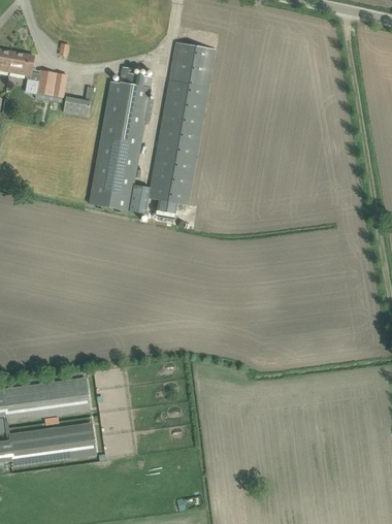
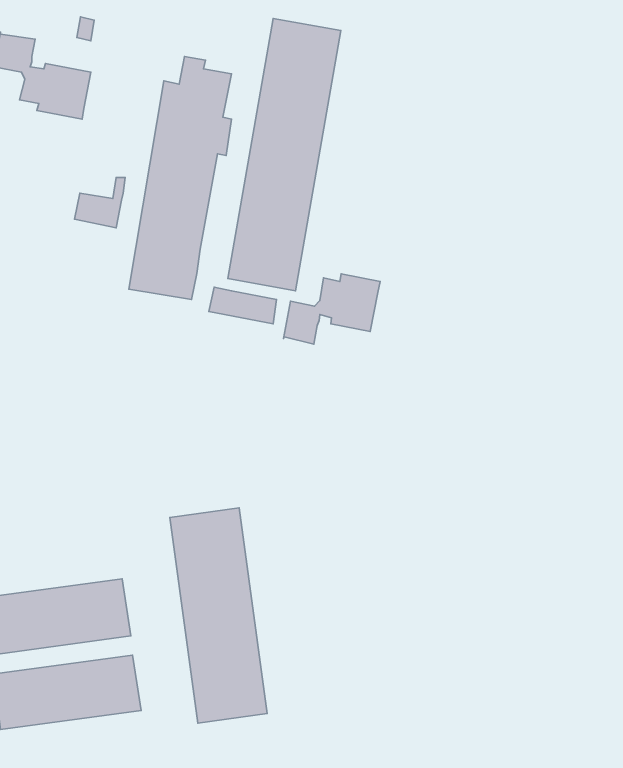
building: [62,86,92,116] -> [75,178,125,228]
building: none -> [284,274,380,344]
building: none -> [170,508,267,723]

